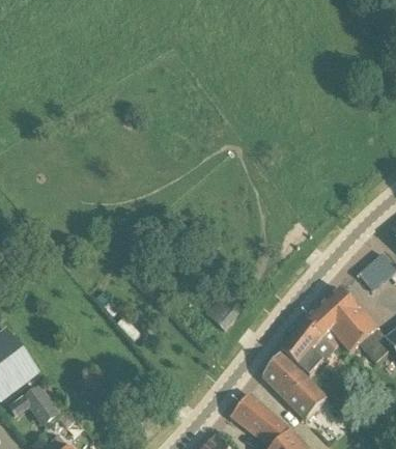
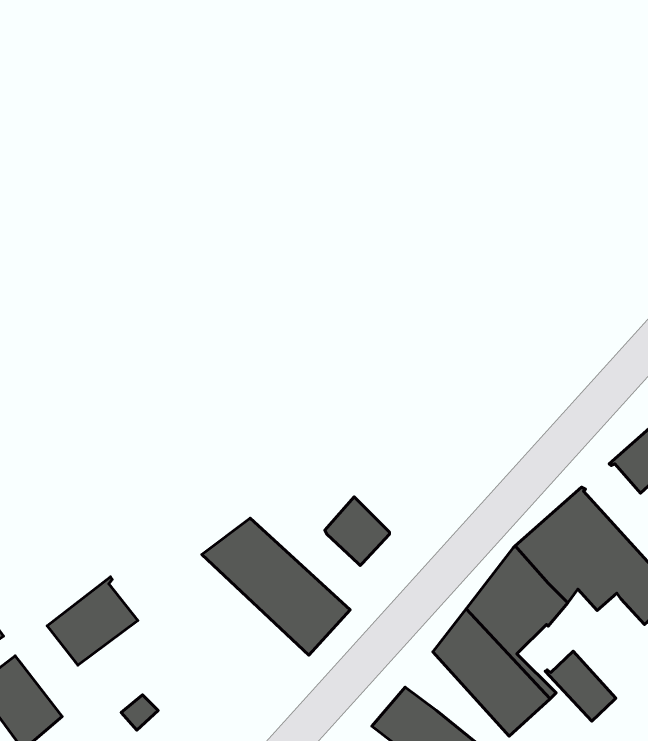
building: none -> [202,518,350,655]
building: none -> [47,577,138,665]
building: none -> [545,651,616,721]

